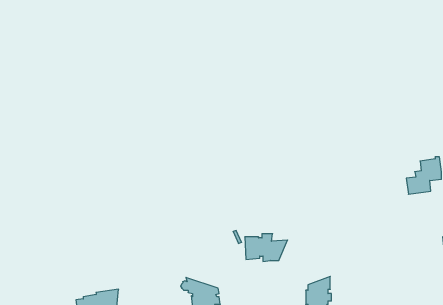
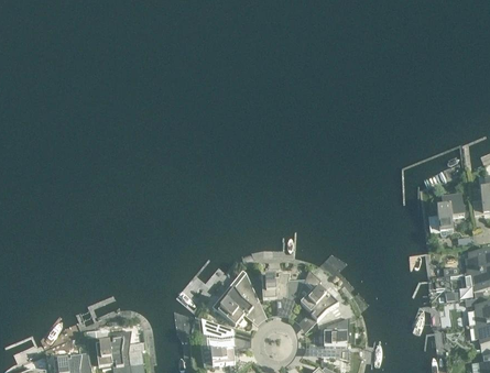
building: none -> [297,270,338,321]
building: none -> [211,273,259,325]

